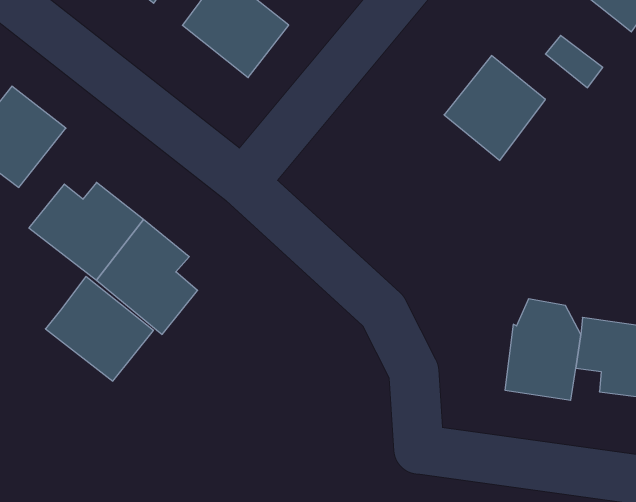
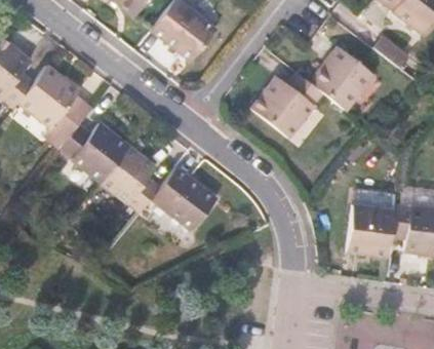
building: none -> [252,73,322,135]
building: [45,276,153,381] -> [152,169,218,233]

